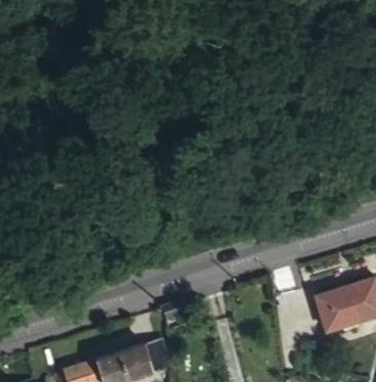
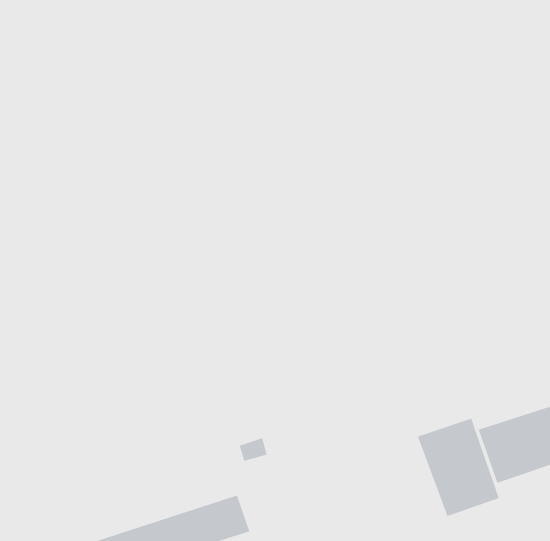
building: none -> [417,418,499,517]

